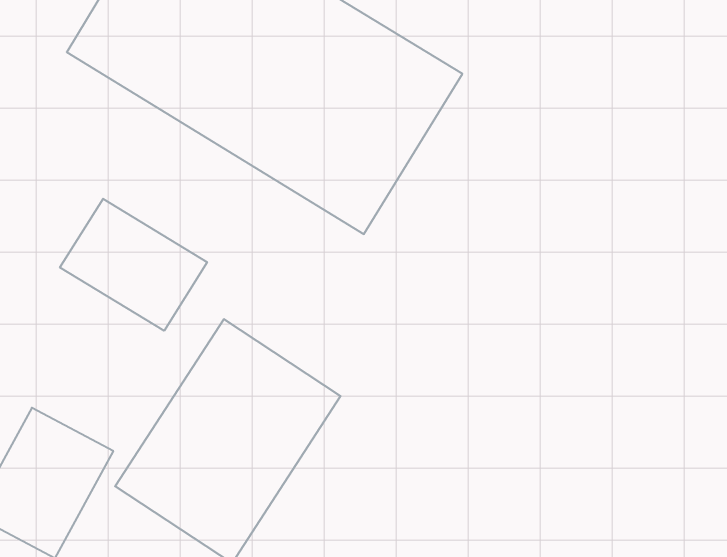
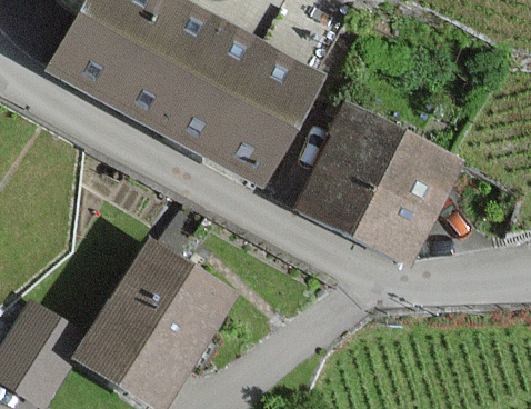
building: none -> [297,106,454,258]
building: [60,199,207,331] -> none

